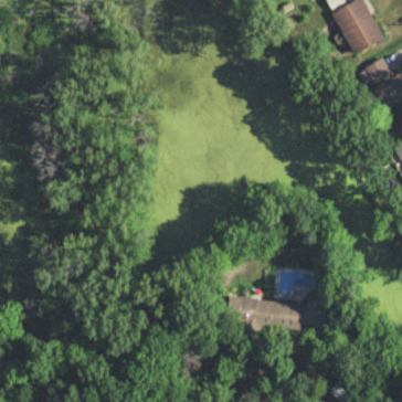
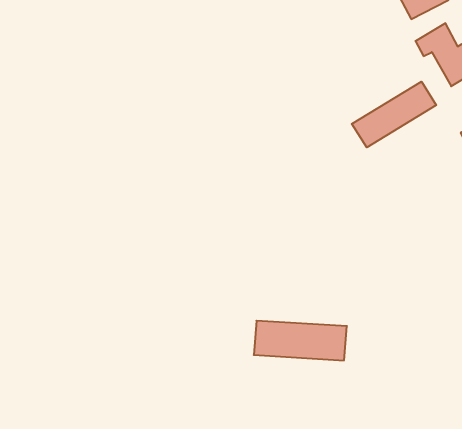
building: none -> [352,82,436,147]

